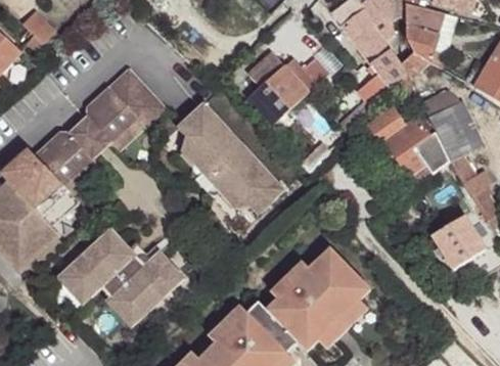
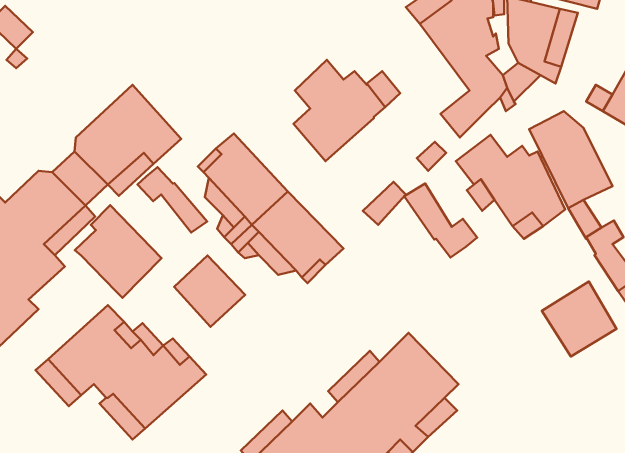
building: none -> [138,167,207,233]
building: none -> [404,184,477,257]
building: none -> [75,205,161,298]
building: none -> [174,256,245,327]

